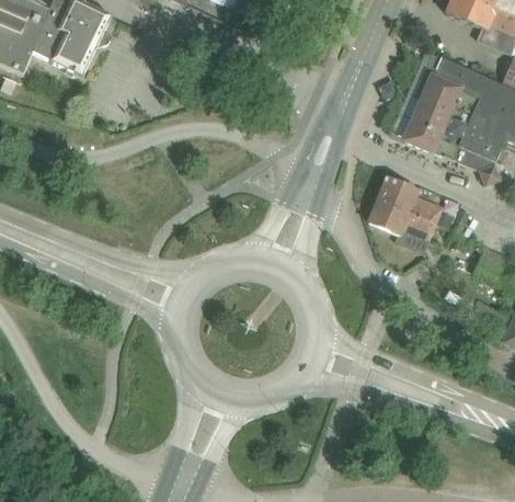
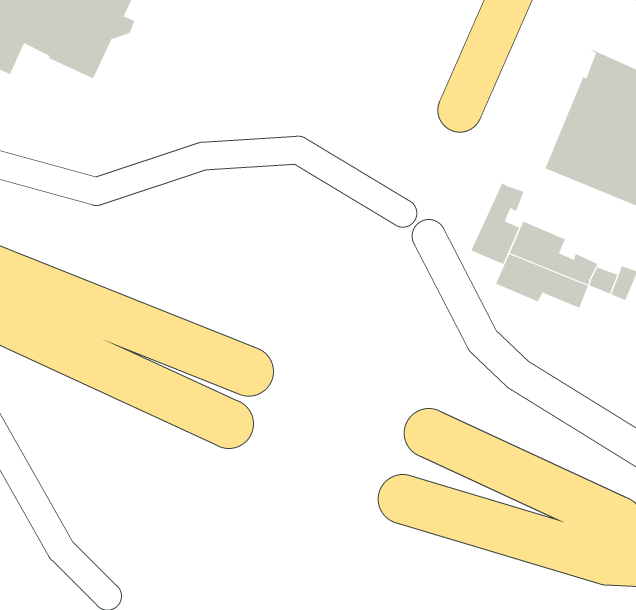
building: none -> [471,182,524,265]

